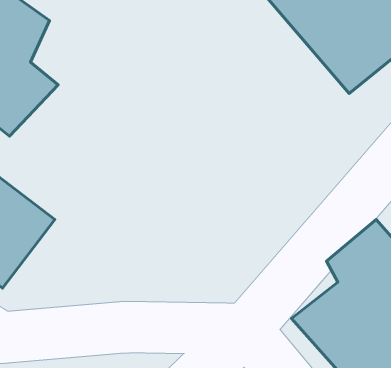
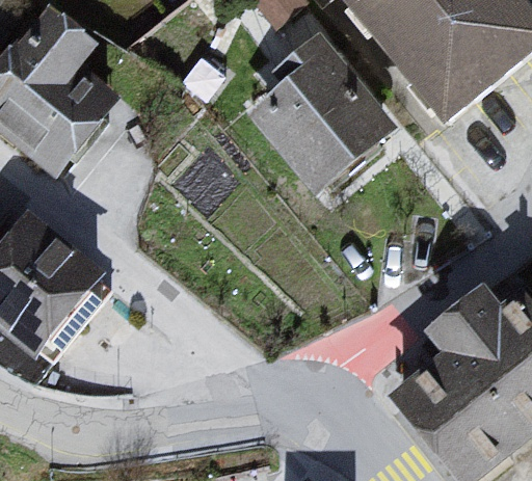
building: none -> [245,32,396,193]

